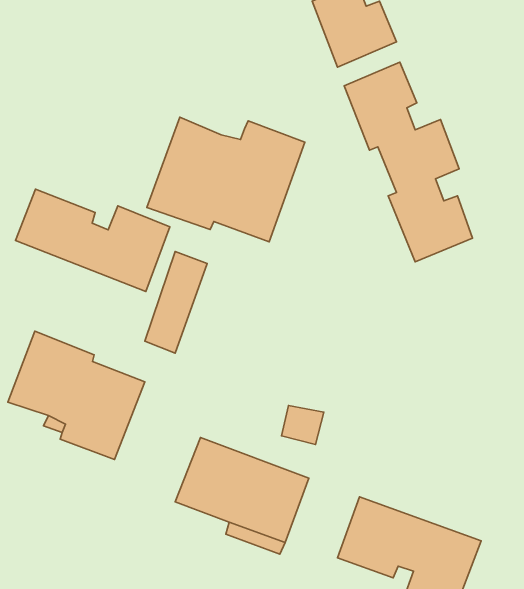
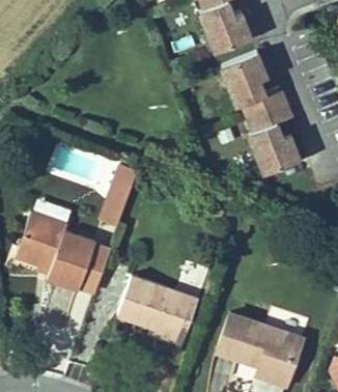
building: [147,117,305,242] -> none
building: [15,189,170,292] -> none

